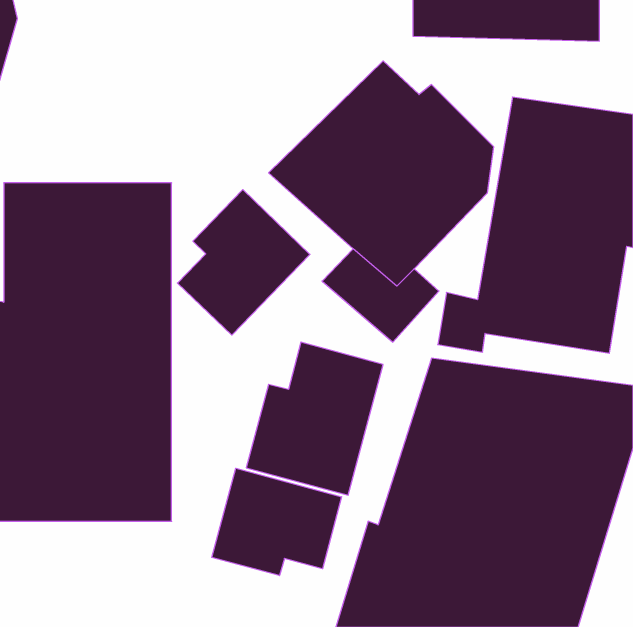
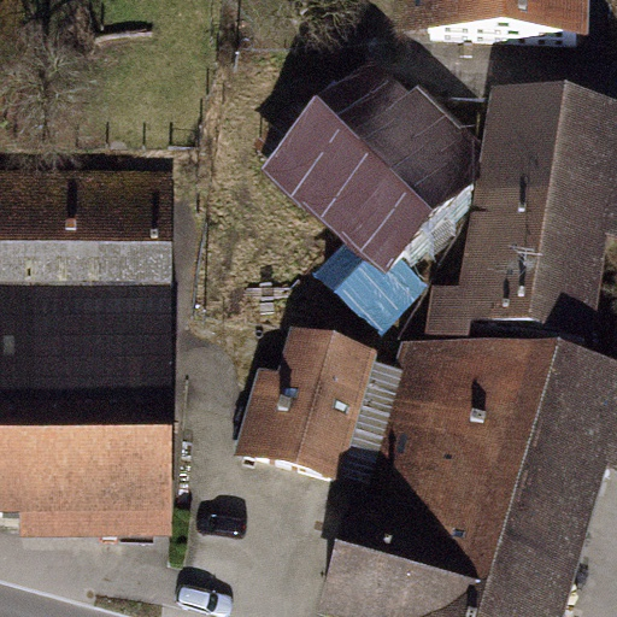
building: [177,190,310,335] -> none
building: [212,468,342,576] -> none

